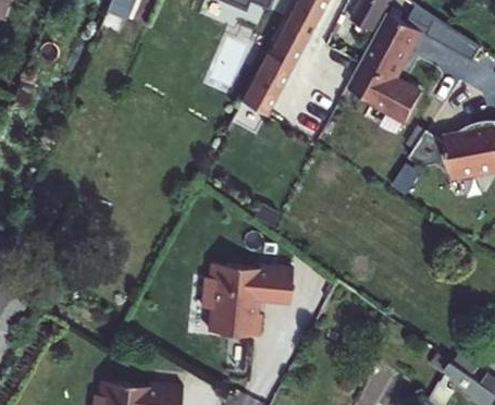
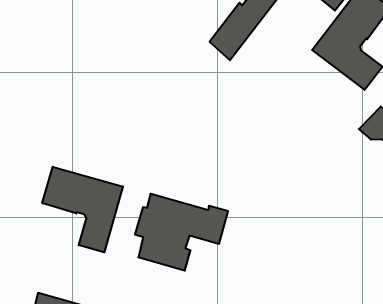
building: none -> [42,167,123,252]

